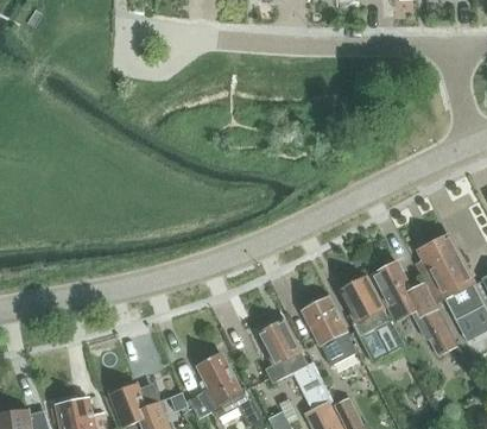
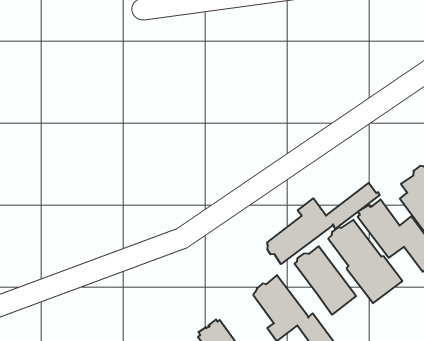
building: none -> [267,183,380,264]

